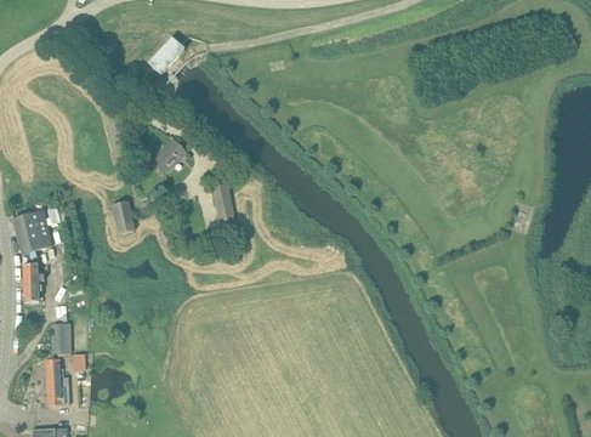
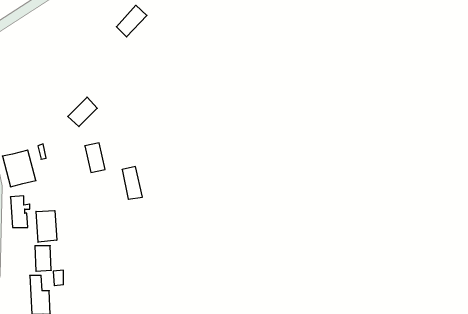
building: [149,138,184,174] -> [68,97,97,127]
building: [210,183,234,222] -> [122,167,142,199]
building: none -> [36,211,57,242]

